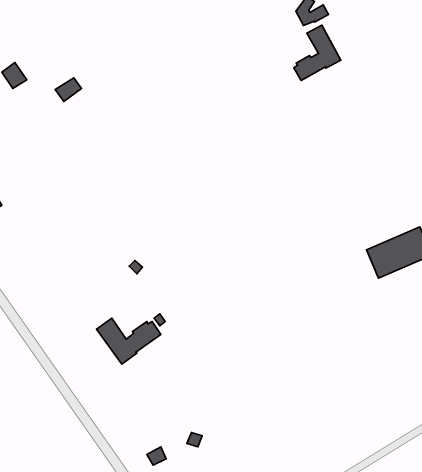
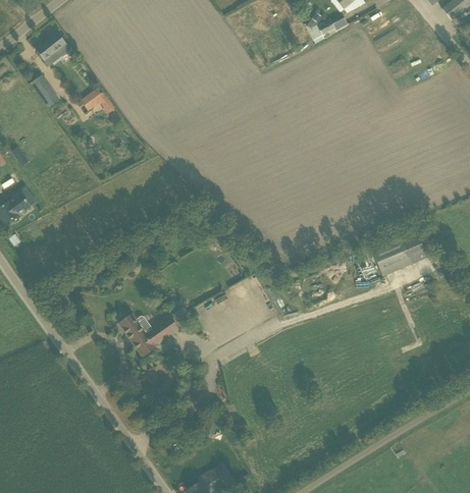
building: none -> [38,32,69,65]
building: [294,25,341,80] -> none

